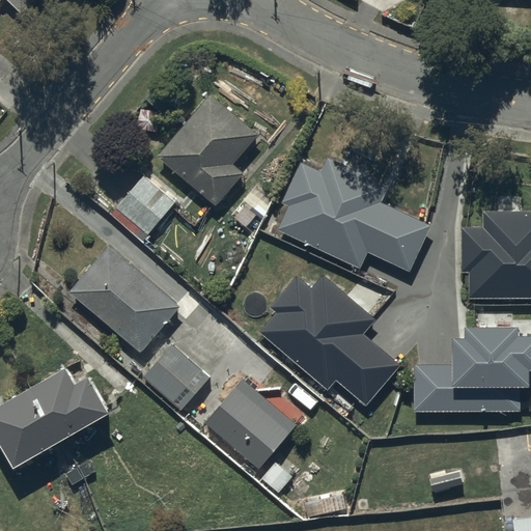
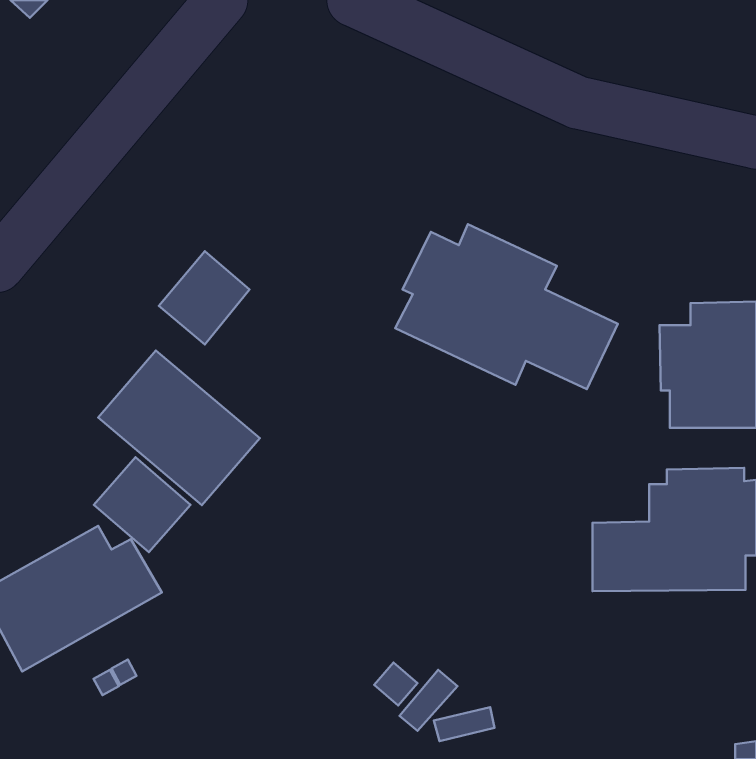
building: [157,93,258,206] -> none
building: [259,275,401,406] -> none
building: [143,344,211,411] -> [94,457,190,552]
building: [204,379,298,470] -> none

